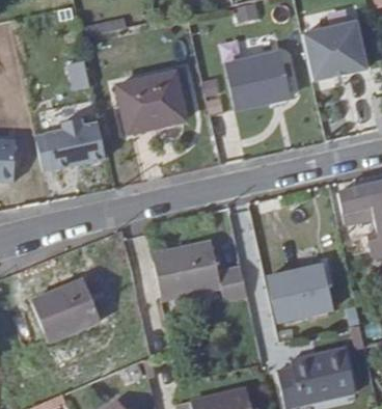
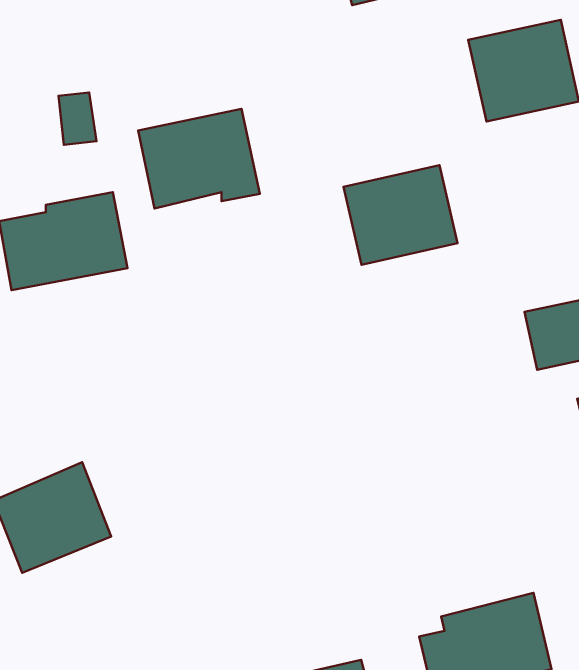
building: [225,52,291,109] -> [343,165,458,265]
building: [154,238,246,297] -> none
building: [268,263,334,326] -> none

